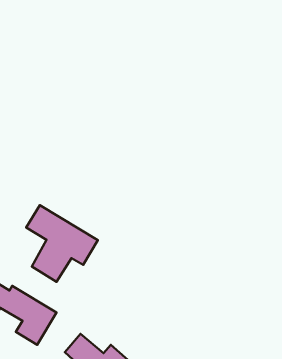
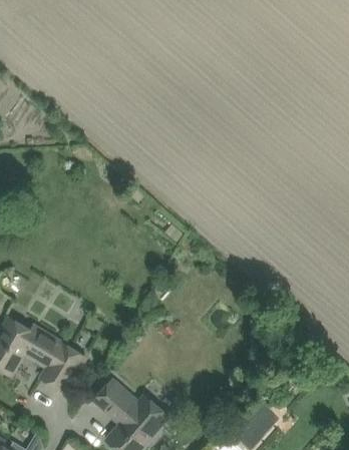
building: [26,205,98,282] -> none

